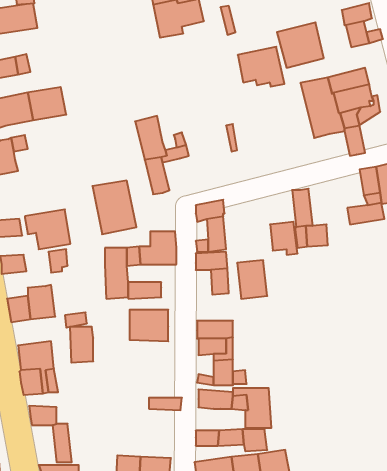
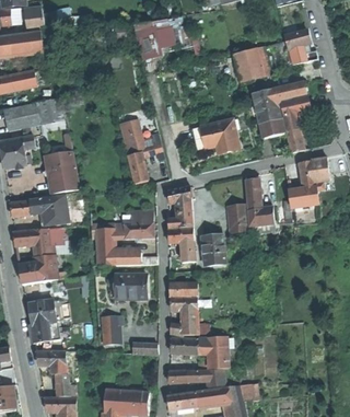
building: [238,47,284,87] -> [201,119,238,151]
building: [92,181,136,234] -> [43,150,78,193]
building: none -> [32,228,54,256]
building: [70,327,93,363] -> [101,315,119,344]

